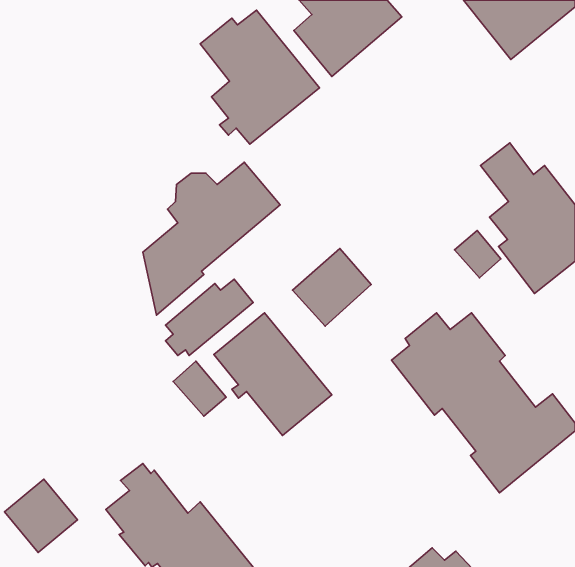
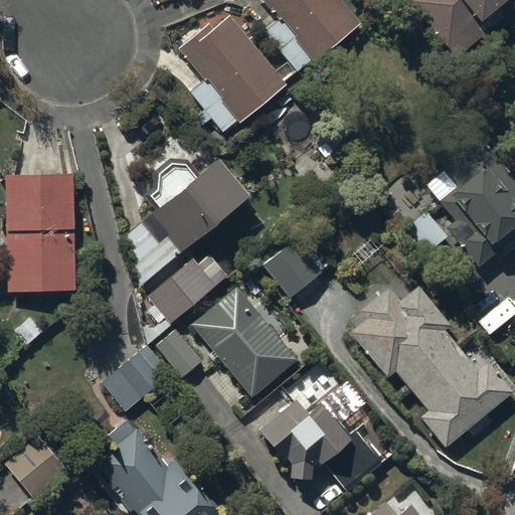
building: none -> [5,173,75,292]
building: none -> [101,346,172,413]
building: none -> [261,396,381,493]

